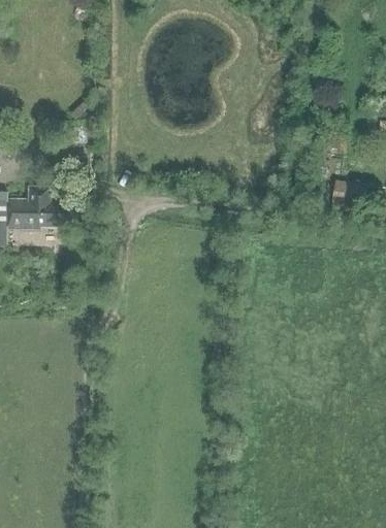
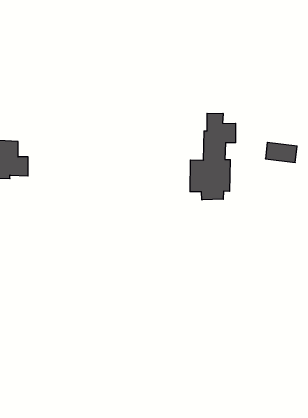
building: none -> [190,113,236,200]

